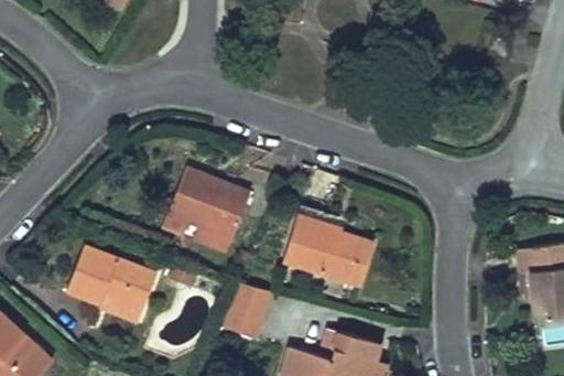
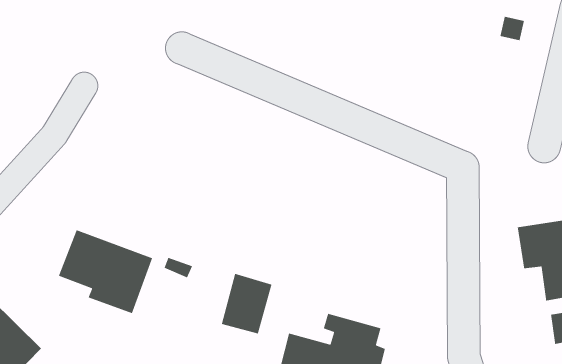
building: [166,166,250,258] -> none
building: [284,205,376,288] -> none

